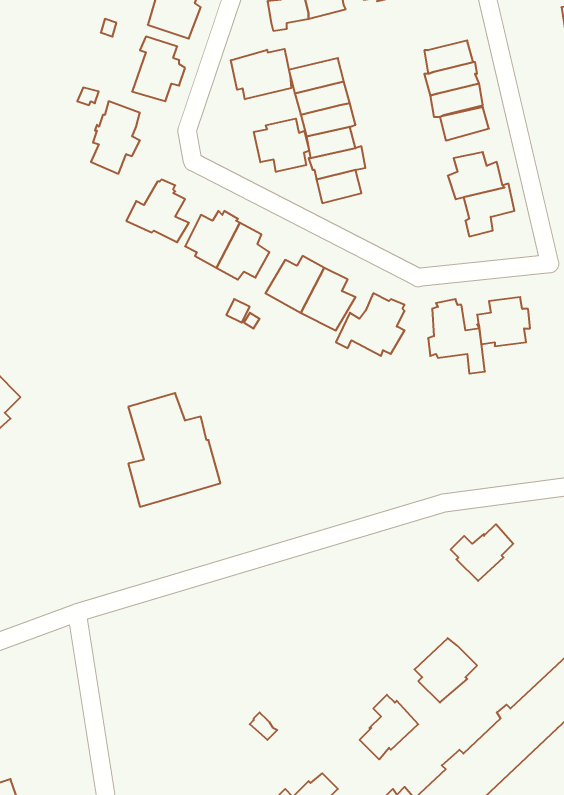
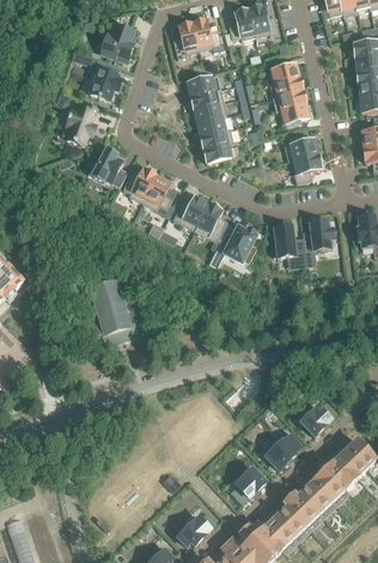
building: [231,49,291,99] -> none
building: [254,119,309,172] -> none
building: [451,524,513,581] -> [298,400,336,435]

